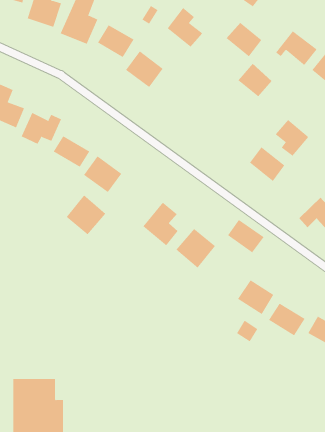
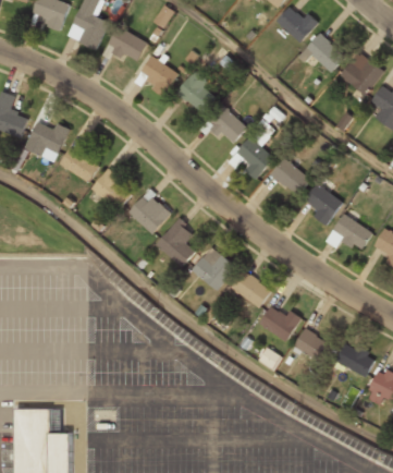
building: [167,7,203,47] -> [177,71,217,114]
building: [226,22,262,57] -> [275,5,315,44]
building: [237,63,273,97] -> [209,108,247,145]
building: [275,119,309,156] -> [305,184,342,225]
building: none -> [231,137,273,179]
building: [66,195,106,235] -> [128,190,172,233]
building: [227,219,264,253] -> [231,270,271,307]

